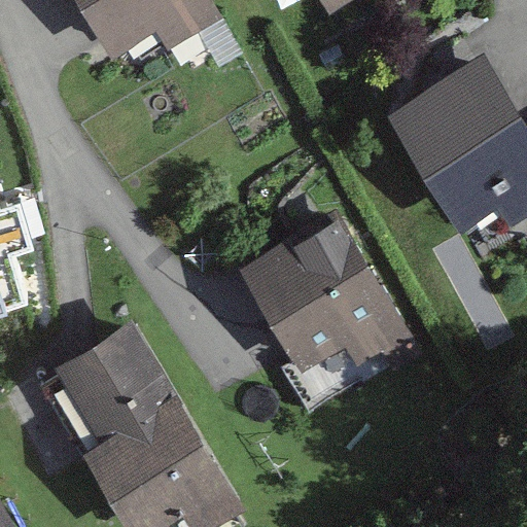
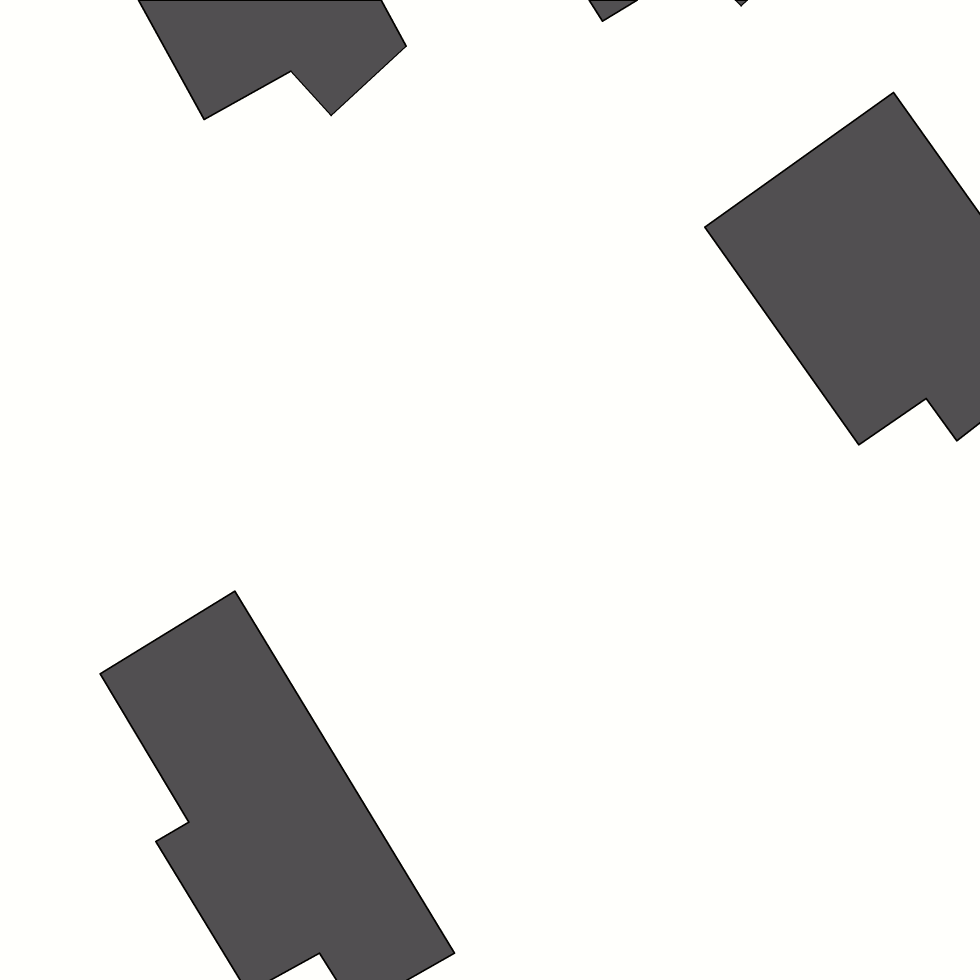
building: [235,207,430,378] -> none

